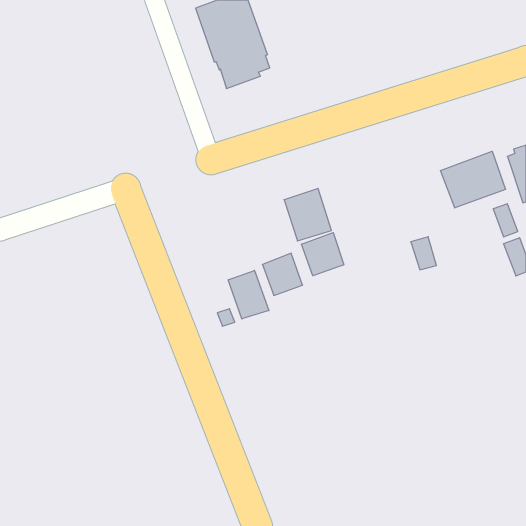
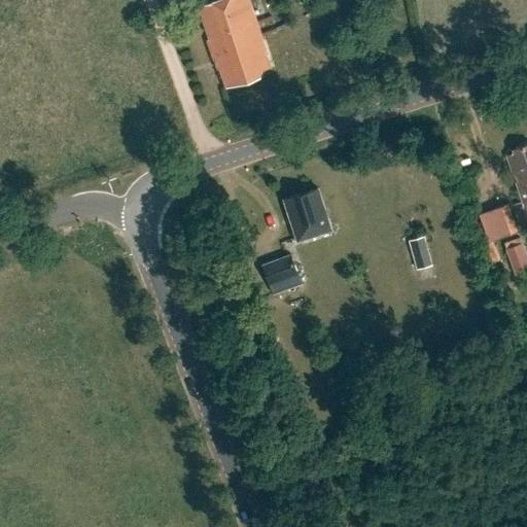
building: [440,151,506,208] -> none
building: [301,233,344,276] -> none
building: [228,270,269,319] -> none

